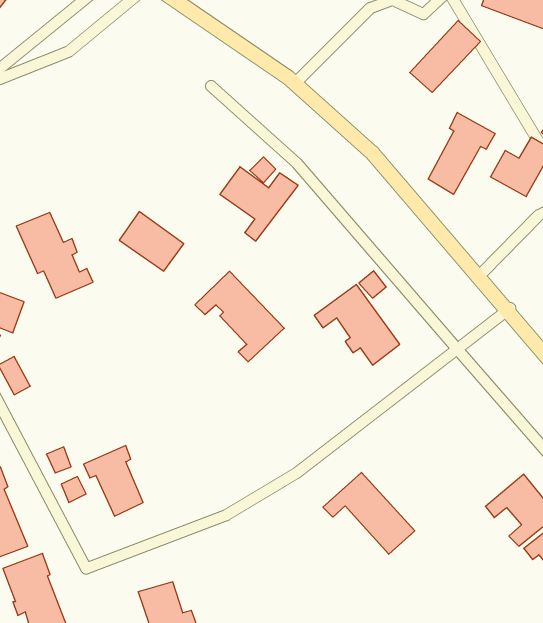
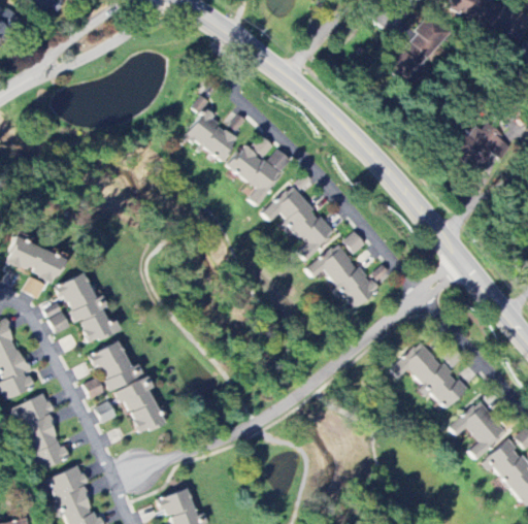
building: [428,112,495,194] -> none
building: [119,212,184,271] -> [186,110,239,160]
building: [16,213,93,298] -> [56,272,120,343]
building: [195,271,284,362] -> [261,185,335,260]
building: none -> [88,340,141,389]
building: [323,472,415,554] -> [390,340,466,408]

